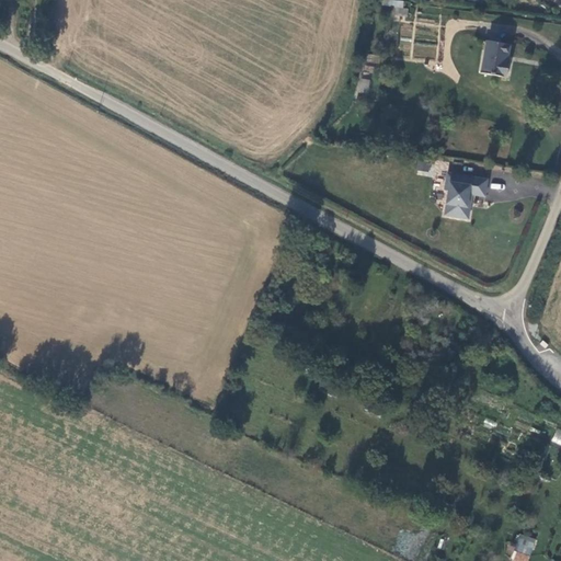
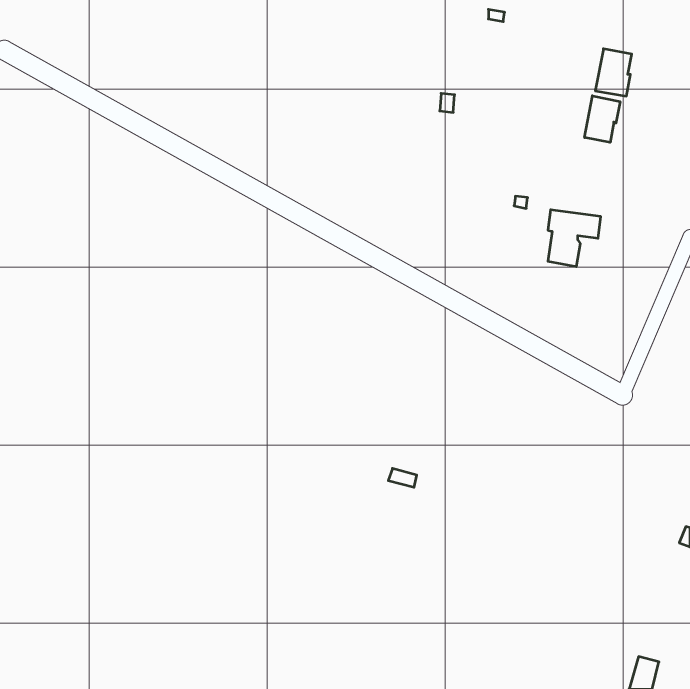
building: none -> [585,96,620,142]

